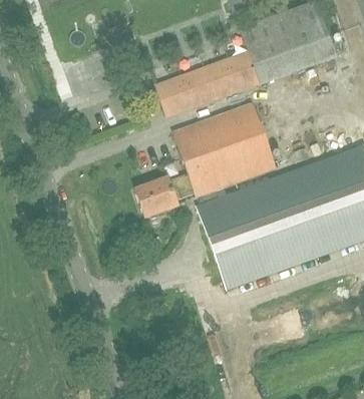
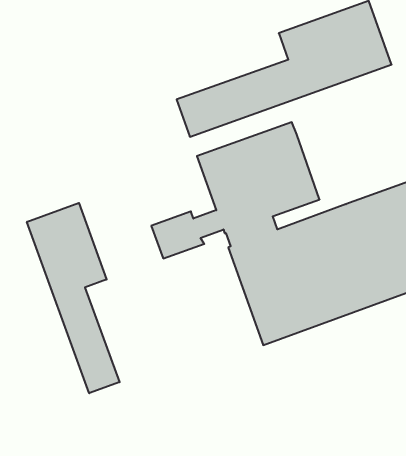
building: none -> [27,203,120,393]

